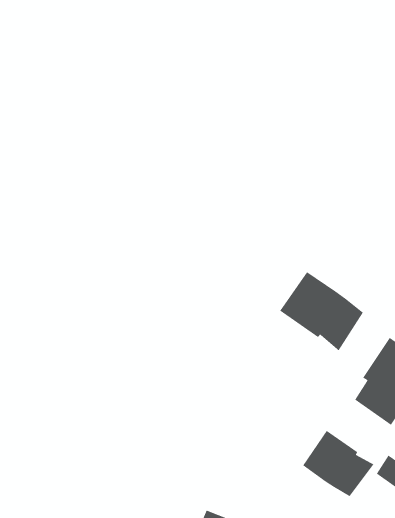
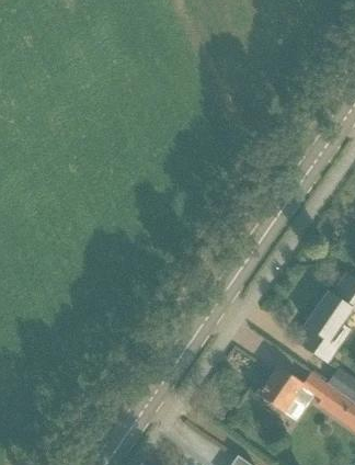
building: [279,271,364,352] -> none

